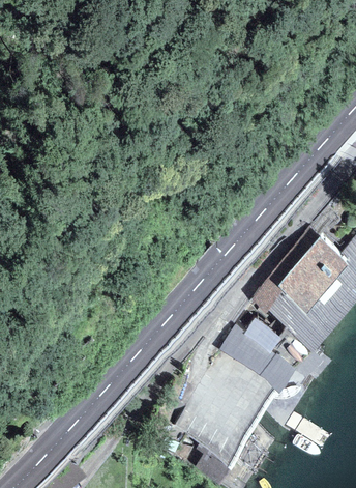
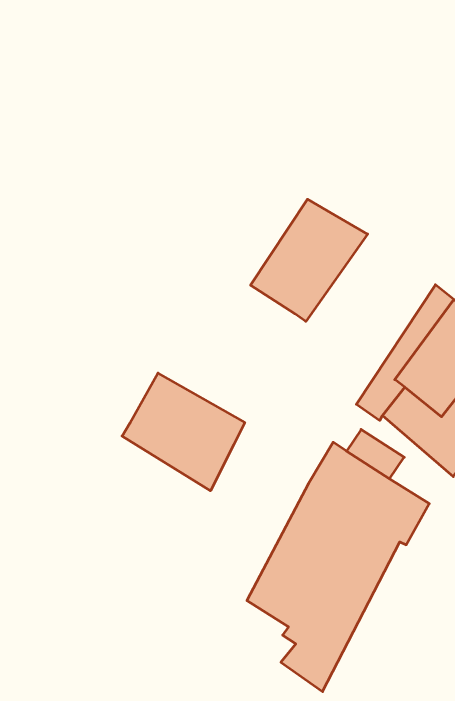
building: none -> [251,199,368,321]
building: none -> [122,373,245,491]

